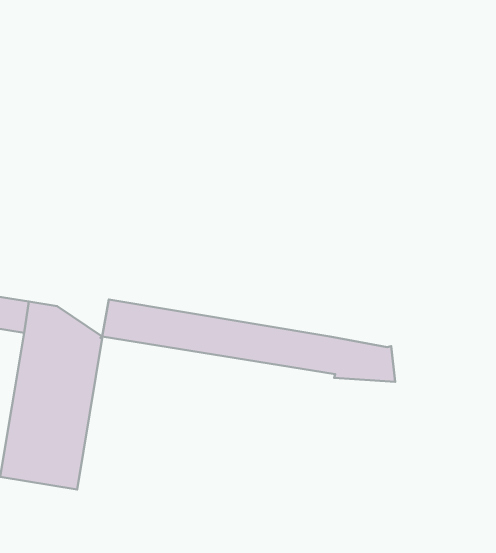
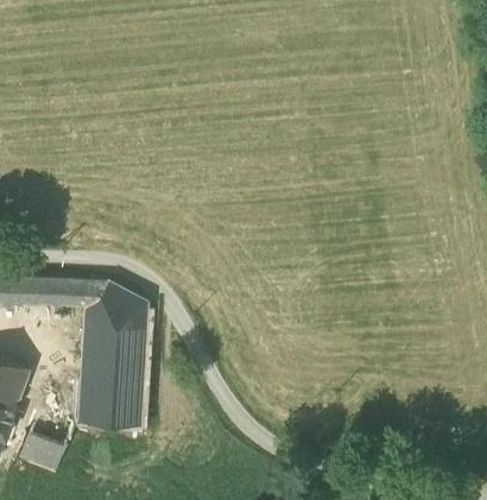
building: [102,299,395,382] -> none

